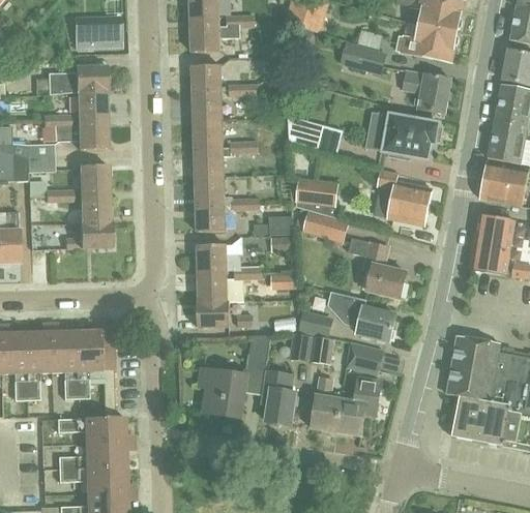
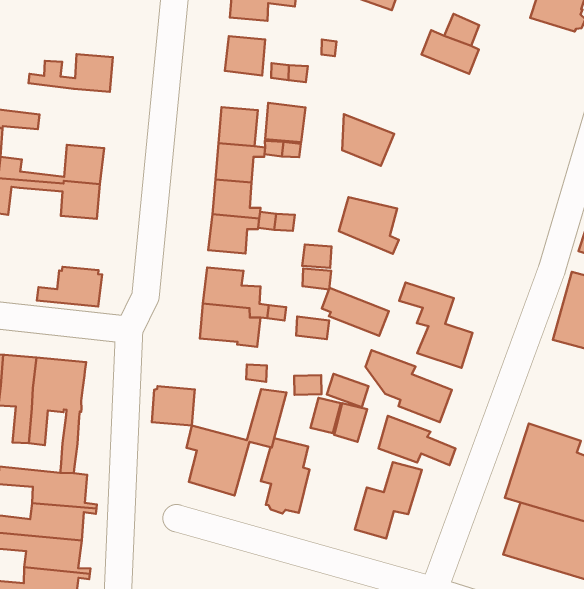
building: [396,24,459,60] -> none
building: [48,65,107,94] -> none
building: [401,70,450,113] -> none
building: [192,93,220,121] -> [265,103,306,142]
building: [379,114,442,158] -> none
building: [42,120,107,149] -> none
building: [377,170,431,224] -> none
building: [294,211,346,243] -> [322,288,389,336]
building: [63,218,111,247] -> [37,267,102,307]
building: [196,299,228,328] -> [152,386,195,426]
building: [310,376,340,431] -> none

